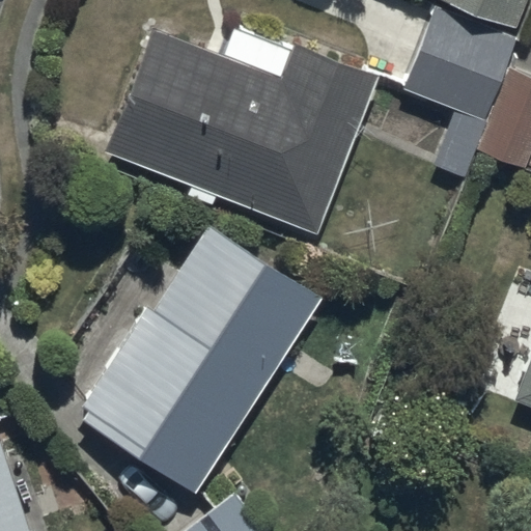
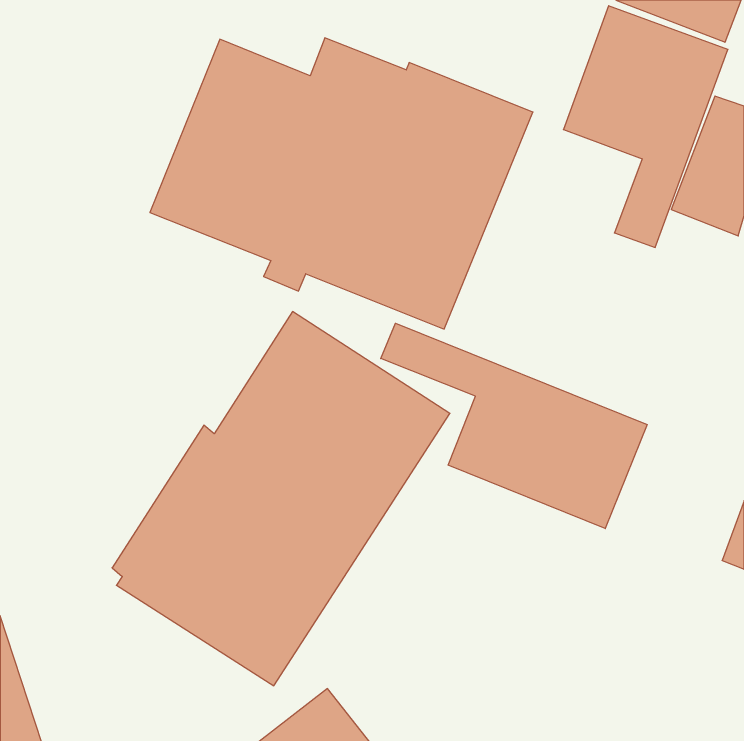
building: none -> [381,323,647,529]

